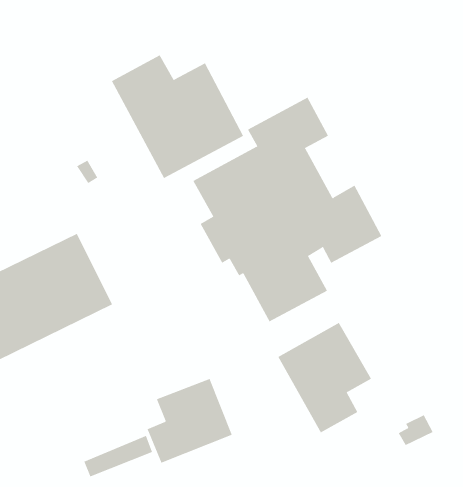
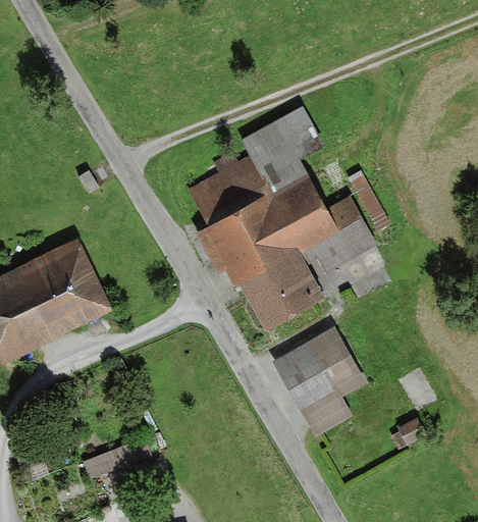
building: [111,54,244,179] -> none
building: [147,378,233,464] -> none

